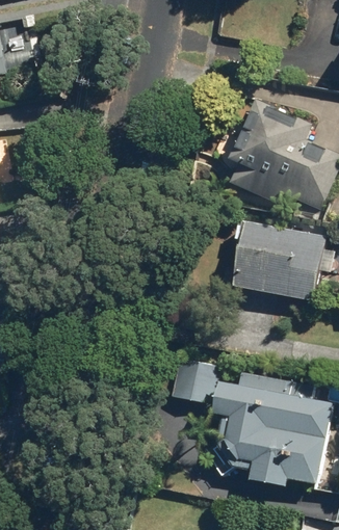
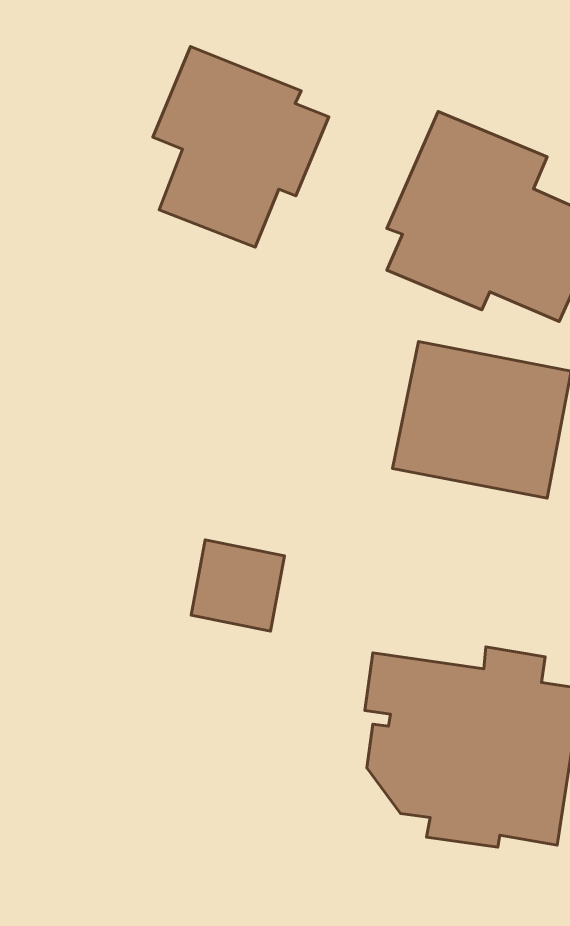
building: none -> [153,47,329,247]
building: [171,356,219,404] -> [191,540,284,631]

